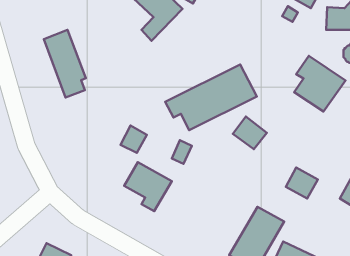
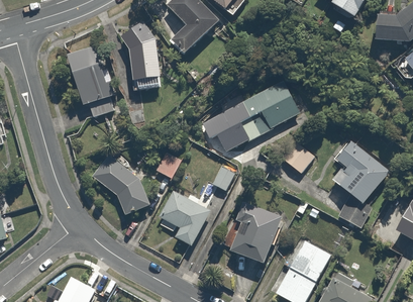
building: none -> [119,20,163,91]
building: [294,56,345,111] -> [334,141,391,203]
building: none -> [90,154,148,216]
building: none -> [230,202,283,263]

